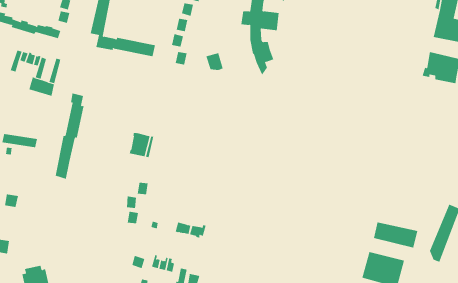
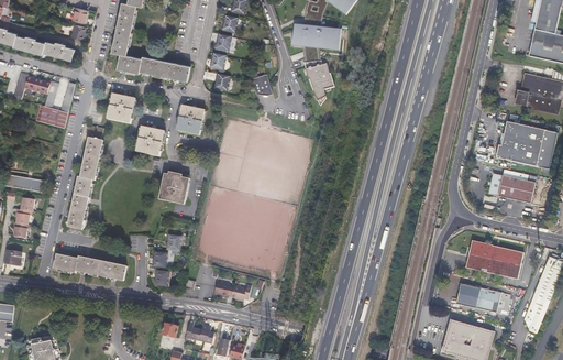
building: none -> [107,92,135,123]
building: none -> [176,103,203,133]
building: none -> [492,121,553,168]
building: none -> [135,124,164,155]
building: none -> [486,173,534,203]
building: none -> [14,195,35,236]
building: none -> [465,239,523,277]
building: none -> [54,253,128,281]

